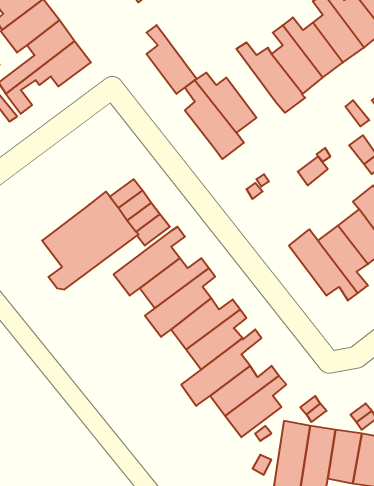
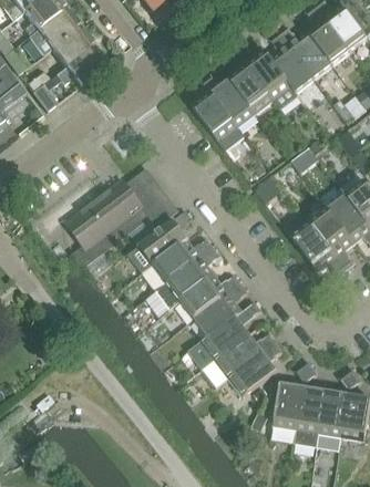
building: [146,25,197,94] -> [228,53,273,114]

